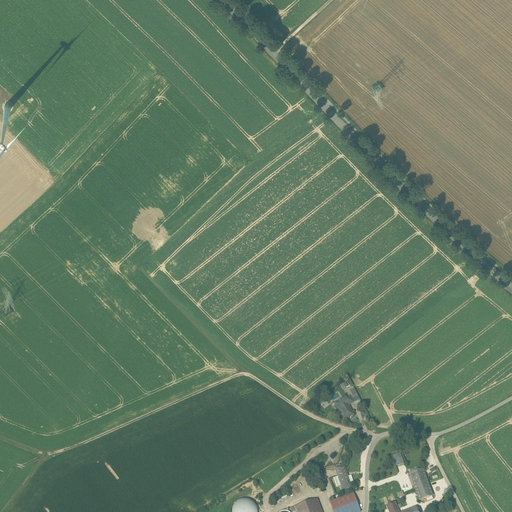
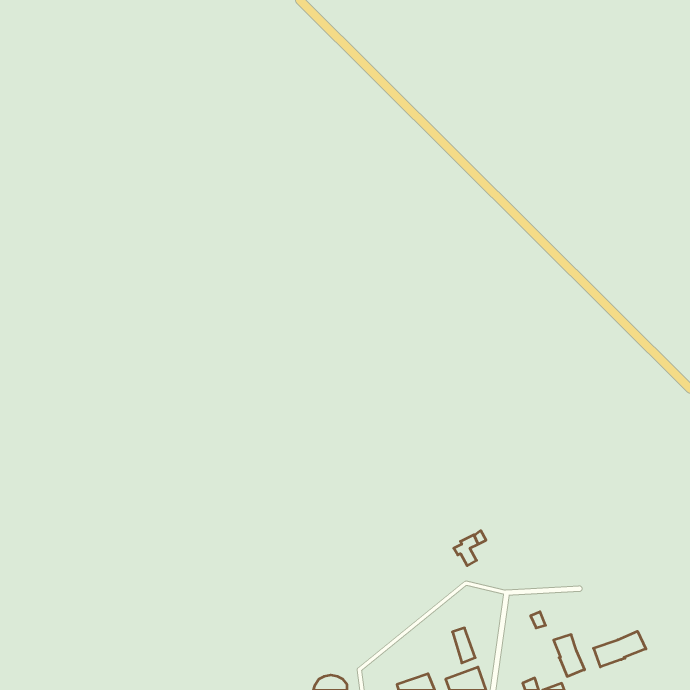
building: none -> [593,631,646,667]

